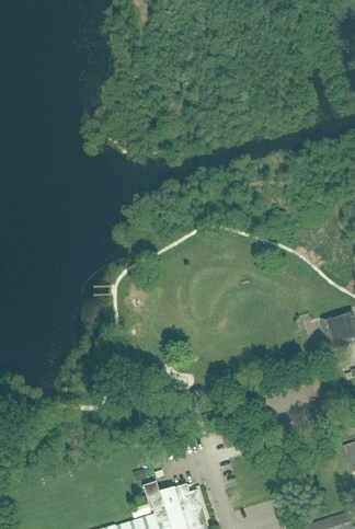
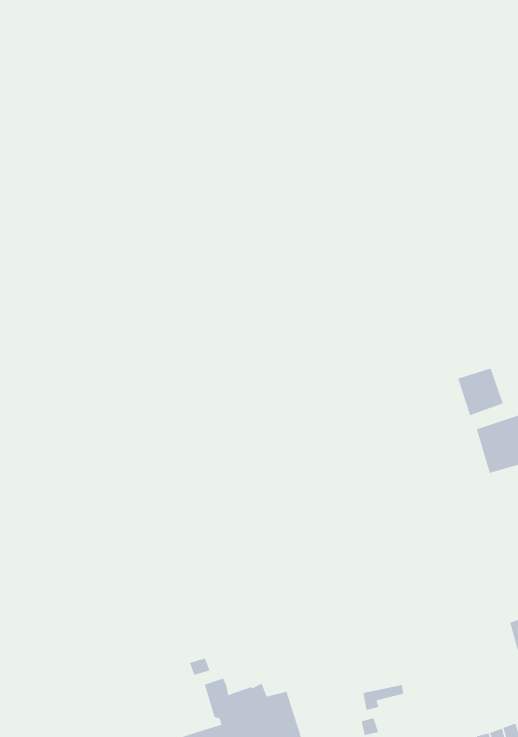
building: none -> [457,368,504,416]

